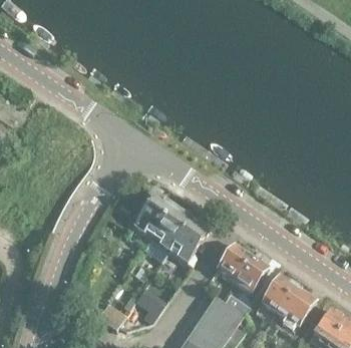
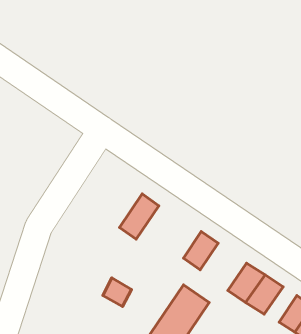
building: [132,193,173,239] -> none
building: [167,217,209,263] -> none
building: [233,255,269,293] -> none

